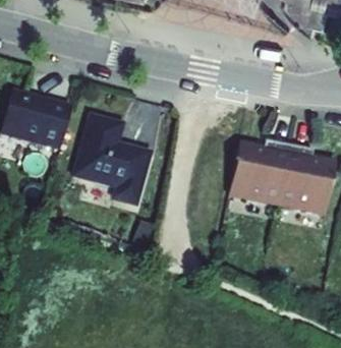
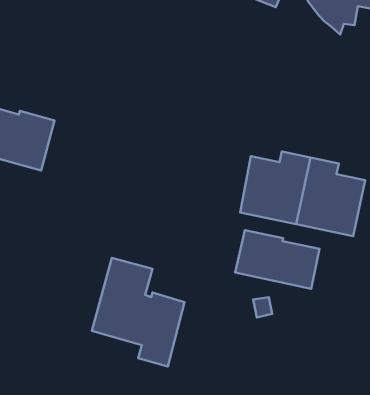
building: [70,119,150,212] -> [92,258,185,366]
building: none -> [235,230,319,289]

